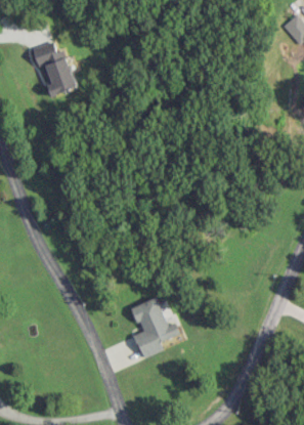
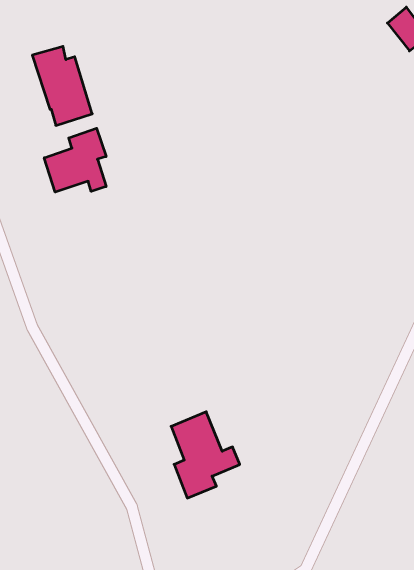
building: none -> [44,128,106,192]

